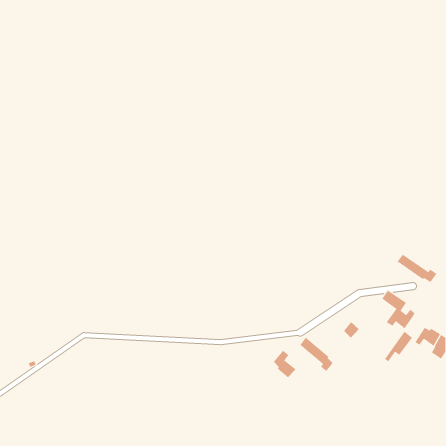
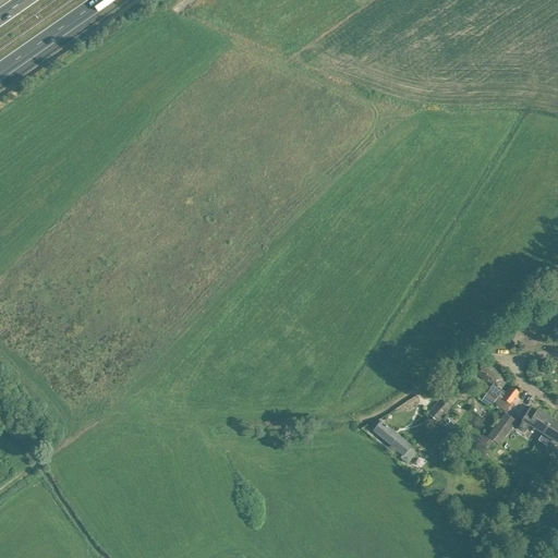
building: [397,254,437,283] -> none
building: [273,350,297,378] -> none

